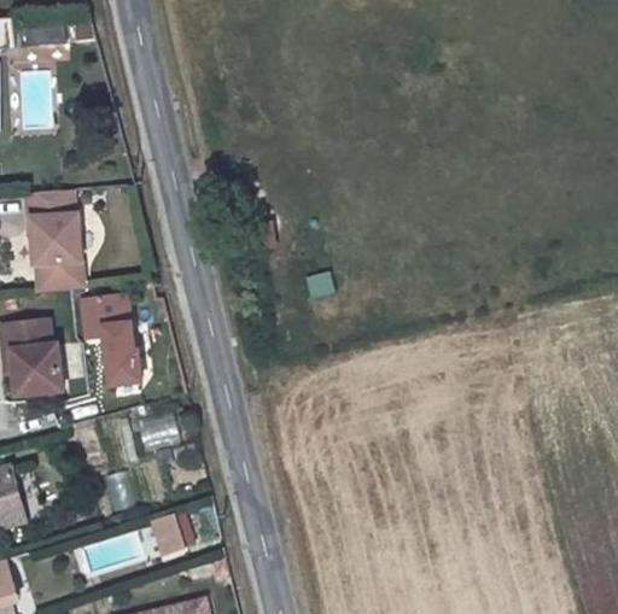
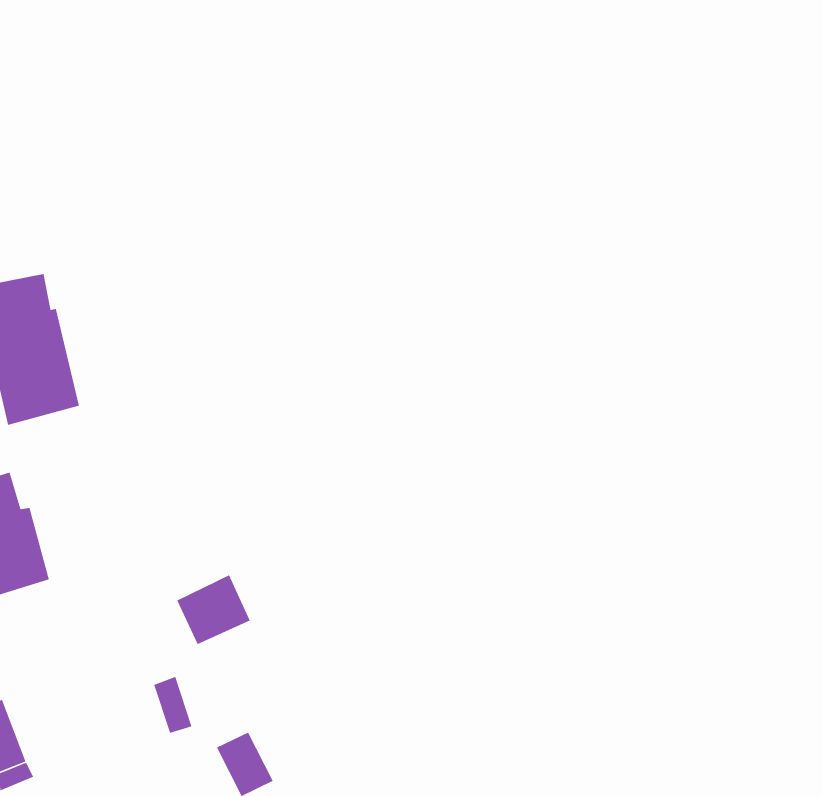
building: [77,290,140,388] -> none

